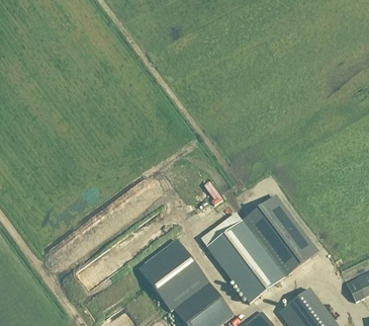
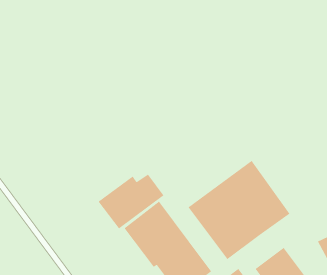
building: none -> [98,173,164,229]

